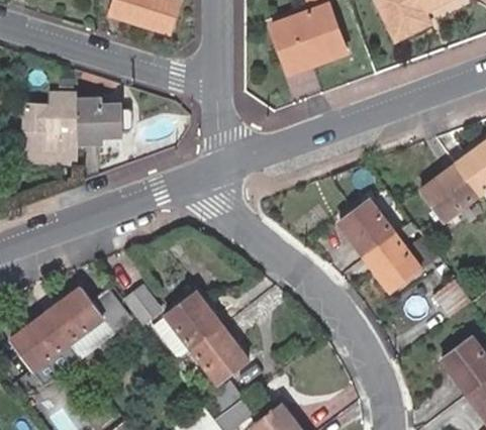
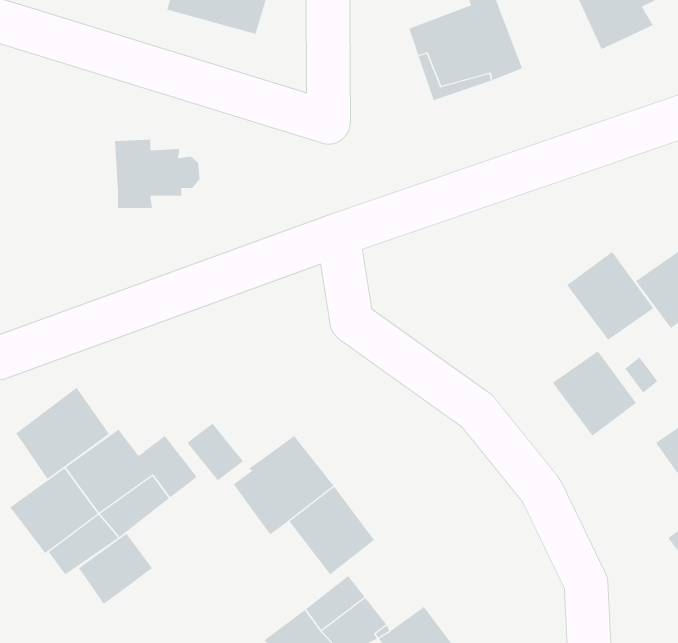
building: [26,95,79,160] -> none
building: [336,199,394,257] -> [566,251,654,341]
building: none -> [16,387,110,480]
building: none -> [78,533,153,605]

